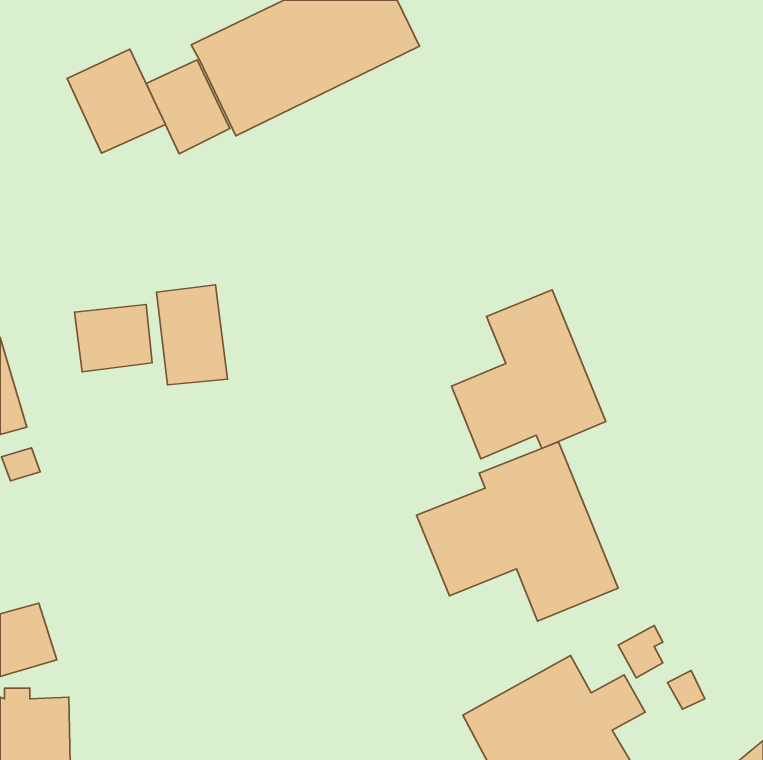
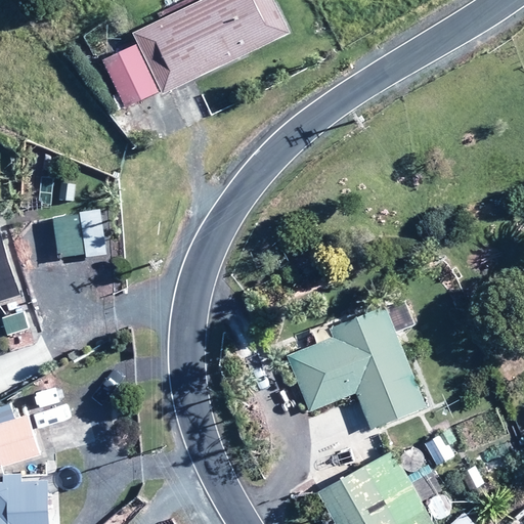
building: [67,49,166,153] -> none
building: [157,285,227,385] -> none
building: [451,290,606,459] -> none

